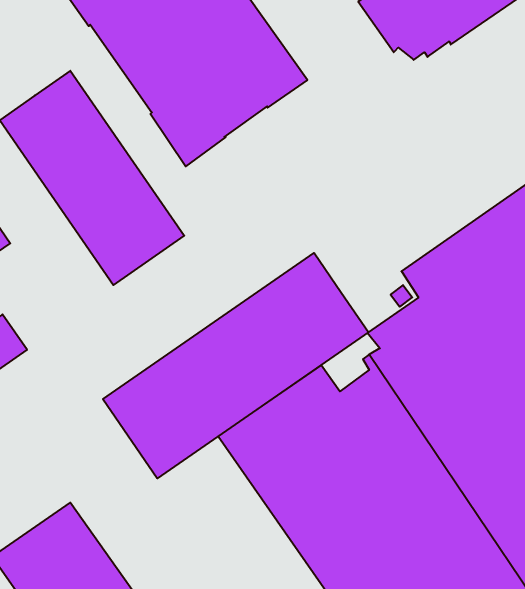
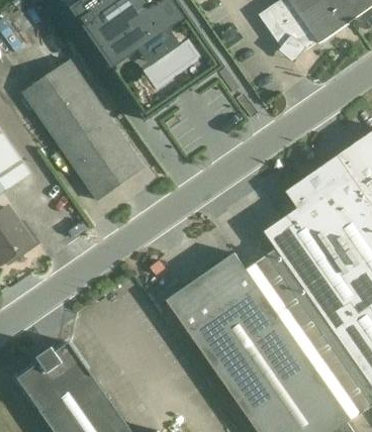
building: [103,253,368,478] -> none

